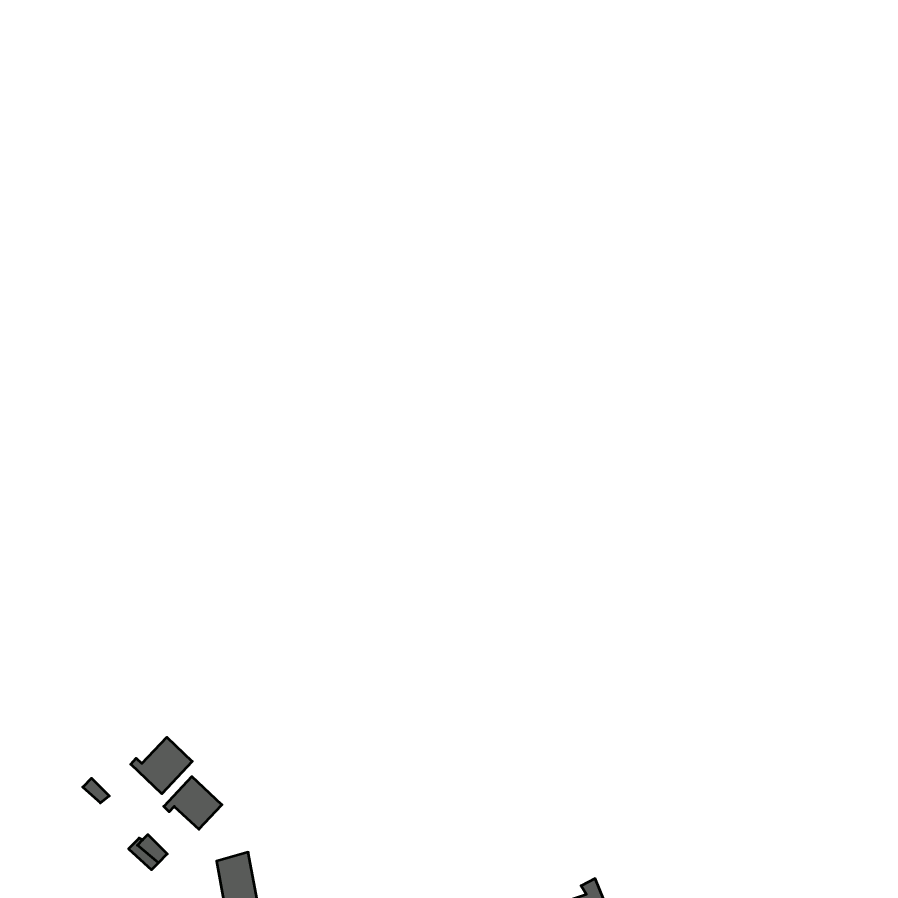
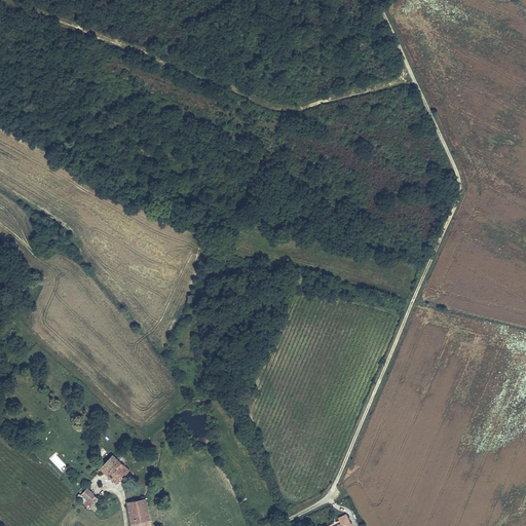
building: [131,737,192,794] -> none

